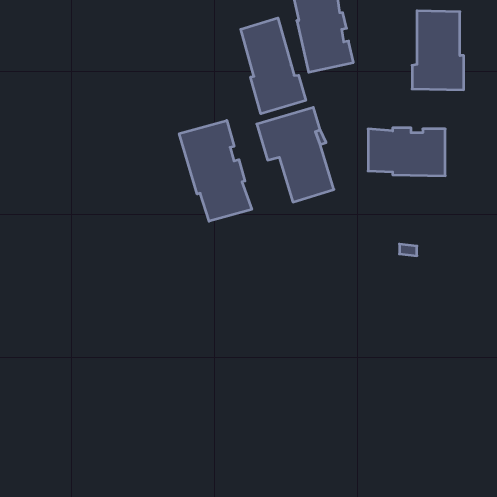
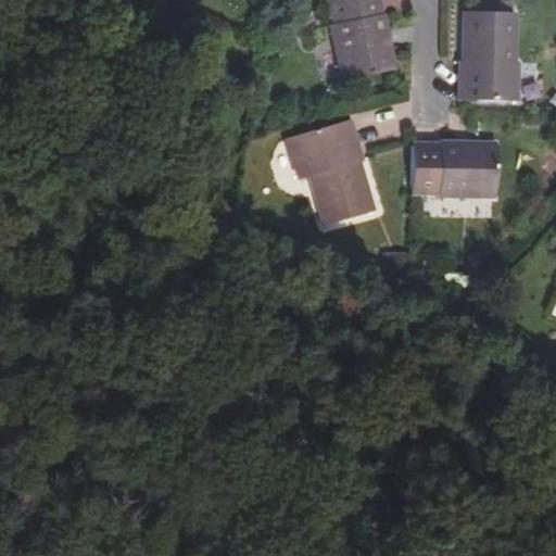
building: [241,18,306,114] -> none
building: [179,120,252,221] -> none

